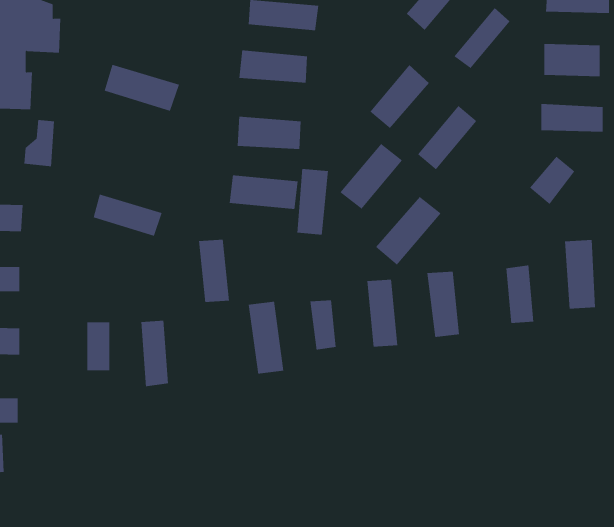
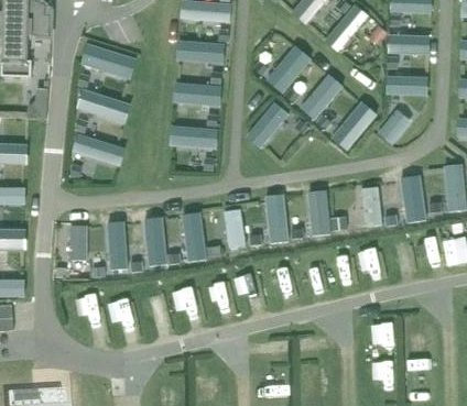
building: none -> [77,90,129,124]
building: [297,168,329,236] -> none
building: [375,196,442,266] -> [330,101,377,150]
building: [198,239,230,302] -> [142,220,164,264]

